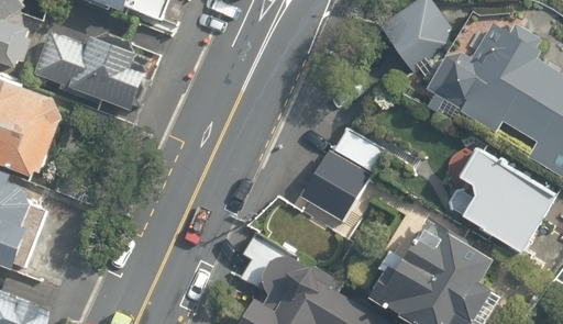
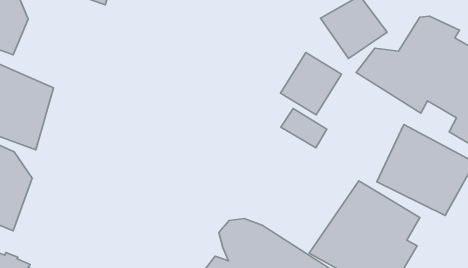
building: [38,31,148,110] -> none
building: [298,152,369,224] -> [280,53,341,115]

